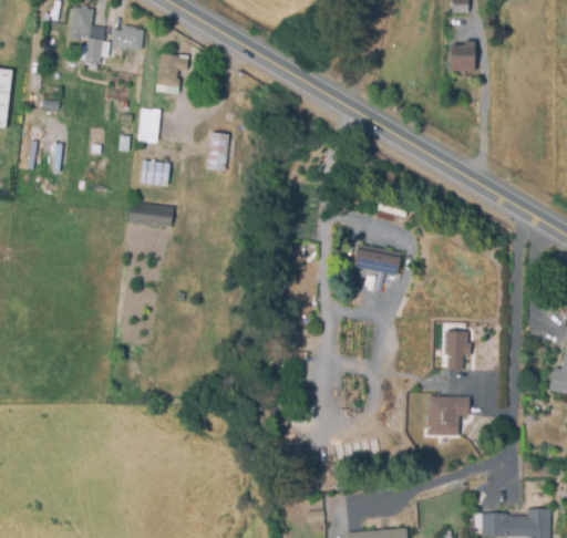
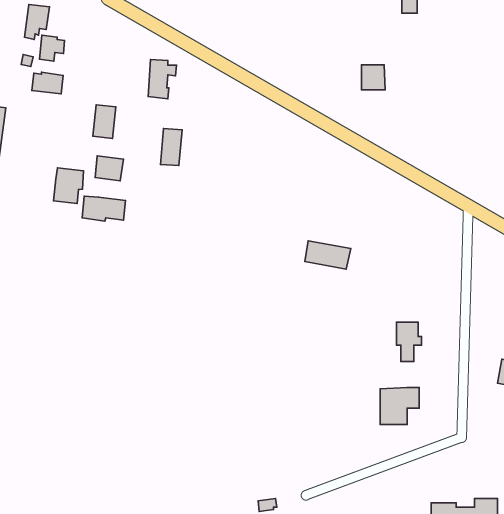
building: [111,28,143,50] -> [32,72,63,94]
building: [450,51,474,76] -> [361,65,385,90]
building: [157,53,186,93] -> [148,60,176,99]
building: none -> [54,168,84,204]

